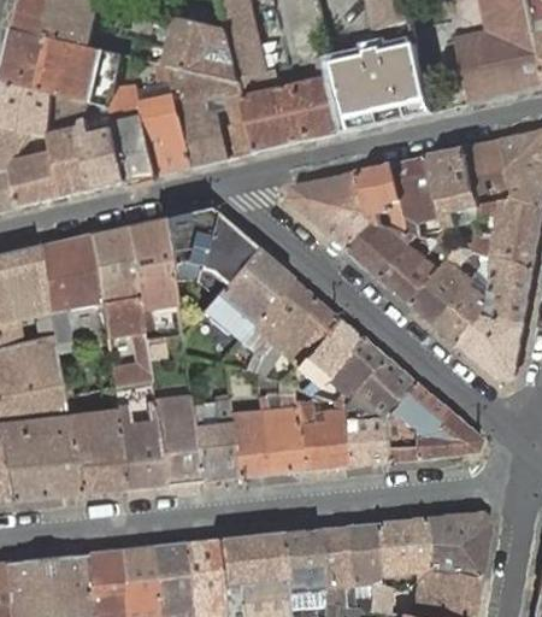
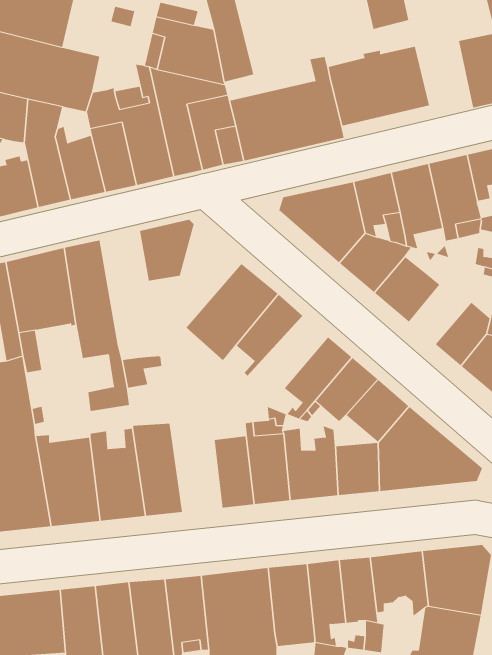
building: [198,212,254,284] -> none
building: [123,218,176,325] -> none
building: [411,246,481,324] -> none
building: [252,298,335,377] -> none
building: [189,395,236,481] -> none

